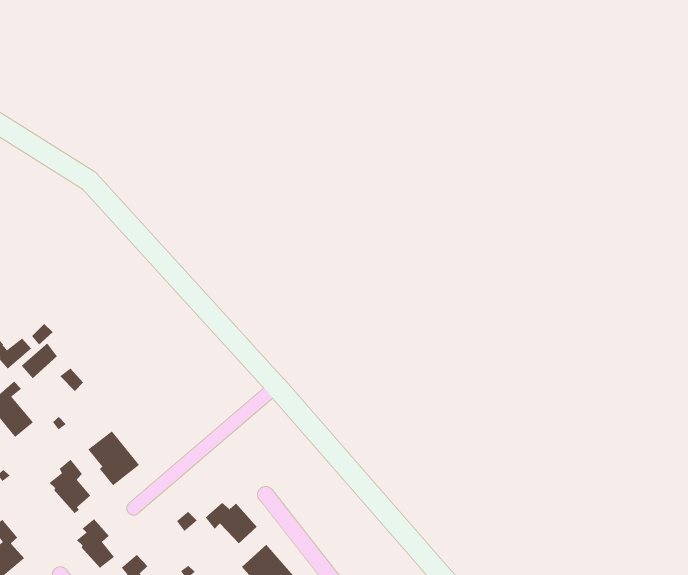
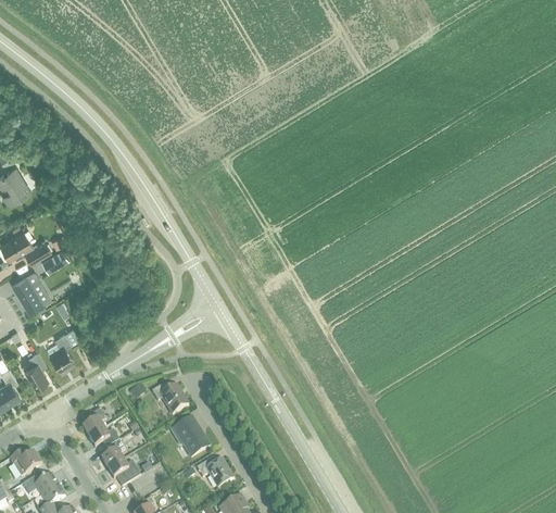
building: [88,430,140,486] -> none
building: [76,519,115,569] -> [22,351,47,387]

